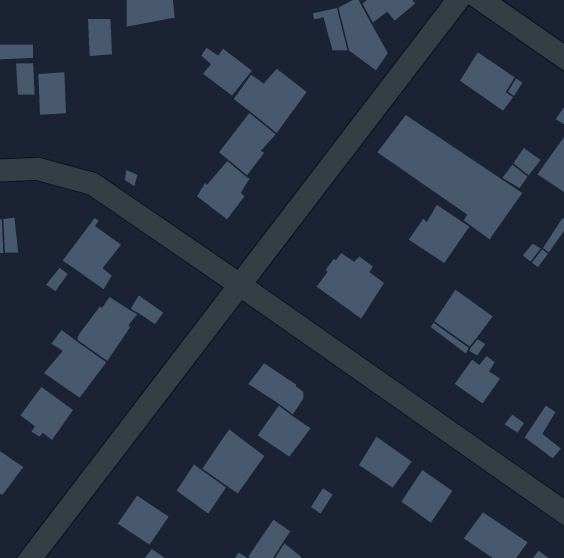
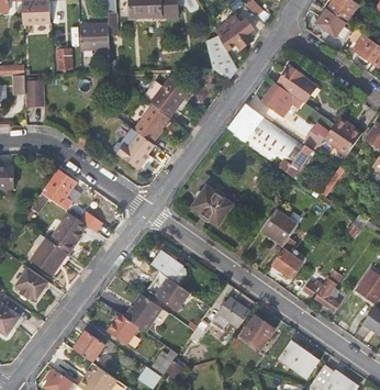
building: [200,46,253,97] -> none
building: none -> [264,82,308,116]
building: [408,203,471,264] -> none

